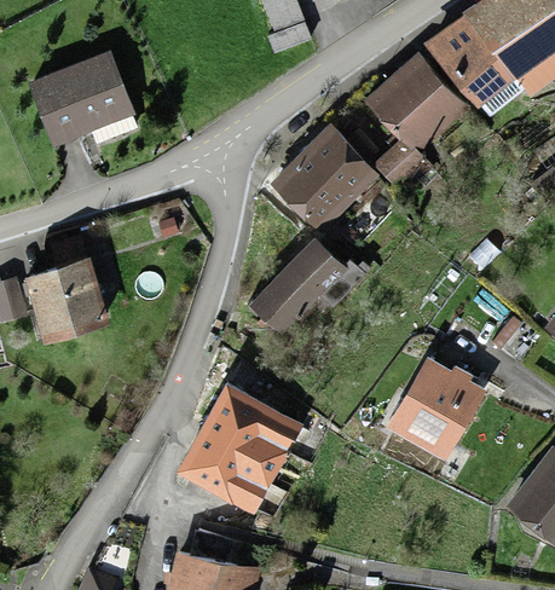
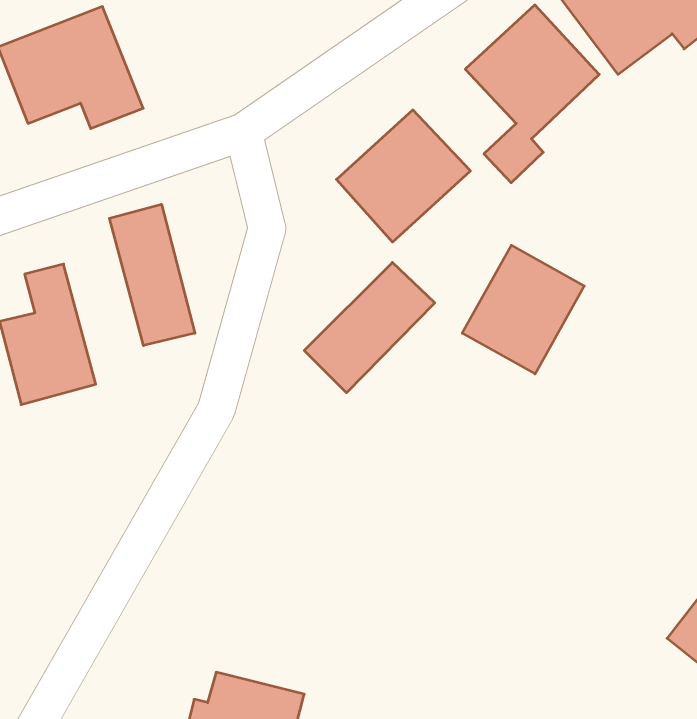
building: none -> [109,204,195,346]
building: [394,366,481,458] -> [462,245,584,374]
building: [183,391,296,509] -> none

